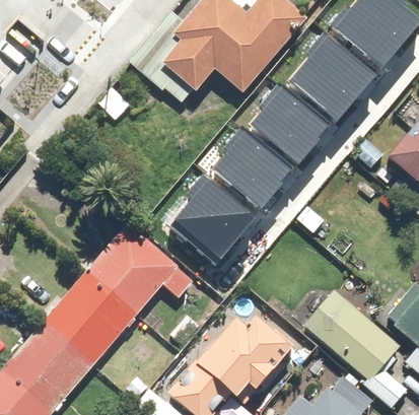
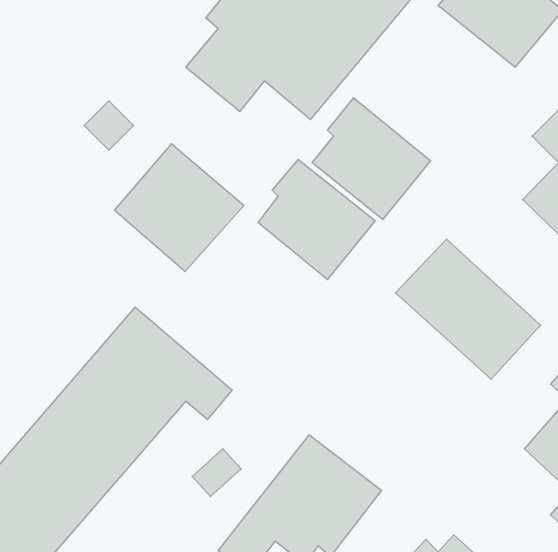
building: [289,37,366,116] -> none
building: [167,177,253,261] -> [114,144,244,272]
building: [303,288,399,381] -> [396,239,540,379]

